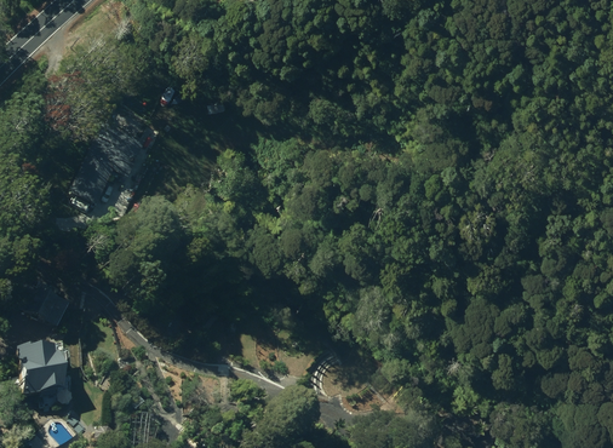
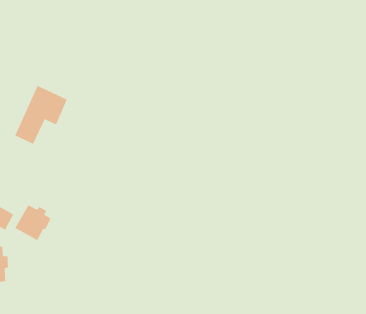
building: none -> [14,204,52,241]

